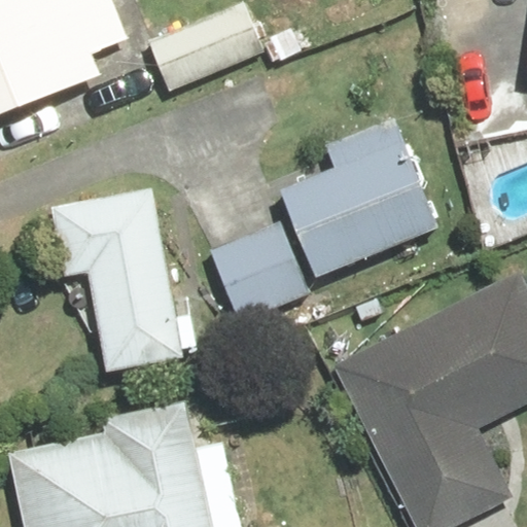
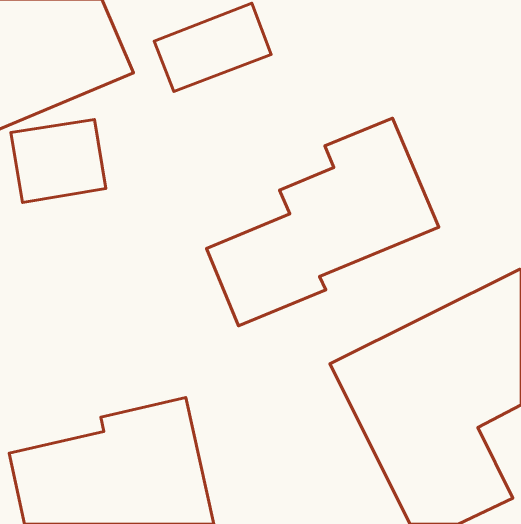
building: none -> [11,119,106,202]
building: [51,191,181,370] -> none

